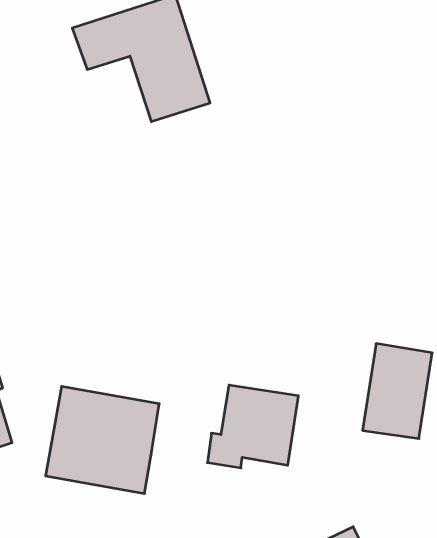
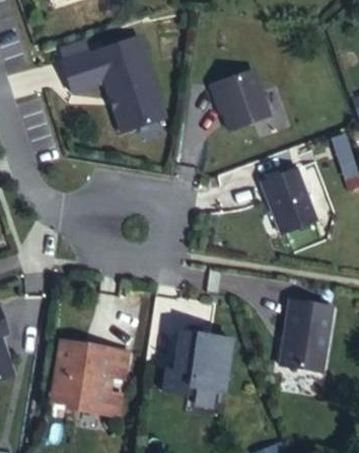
building: none -> [216,69,269,127]
building: none -> [262,166,316,232]

